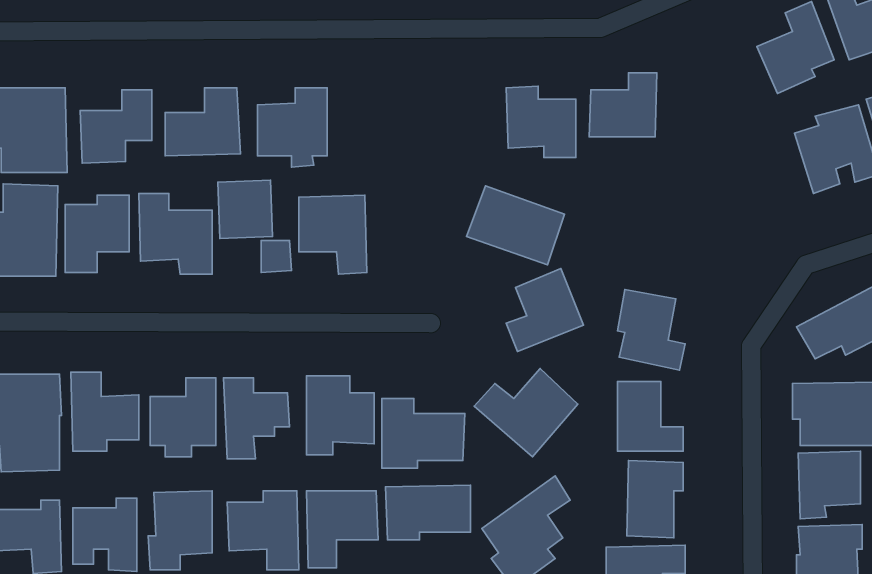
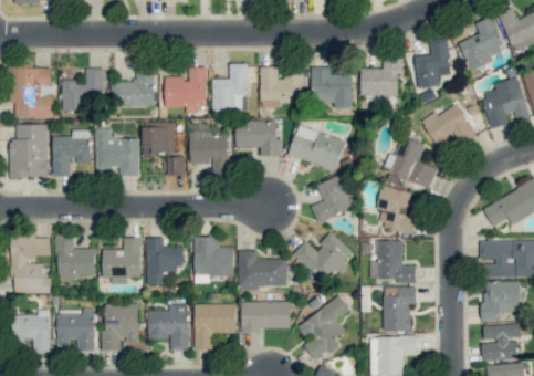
building: none -> [415,41,451,88]
building: none -> [212,63,249,113]
building: none -> [260,66,303,108]
building: none -> [421,104,477,150]
building: none -> [235,121,282,156]
building: none -> [383,136,437,188]

